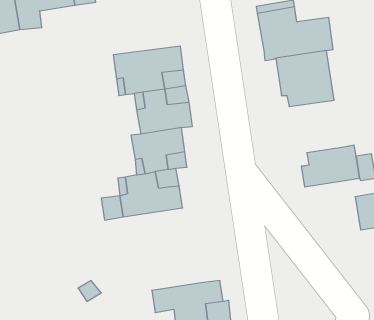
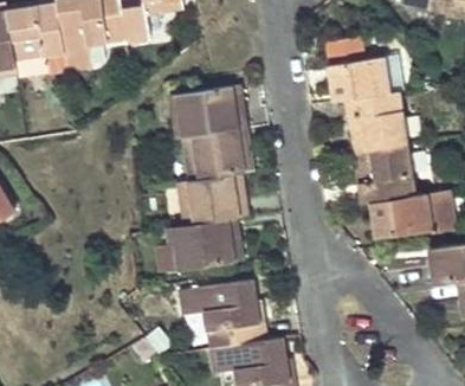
building: none -> [355,142,415,201]
building: none -> [180,277,264,347]

